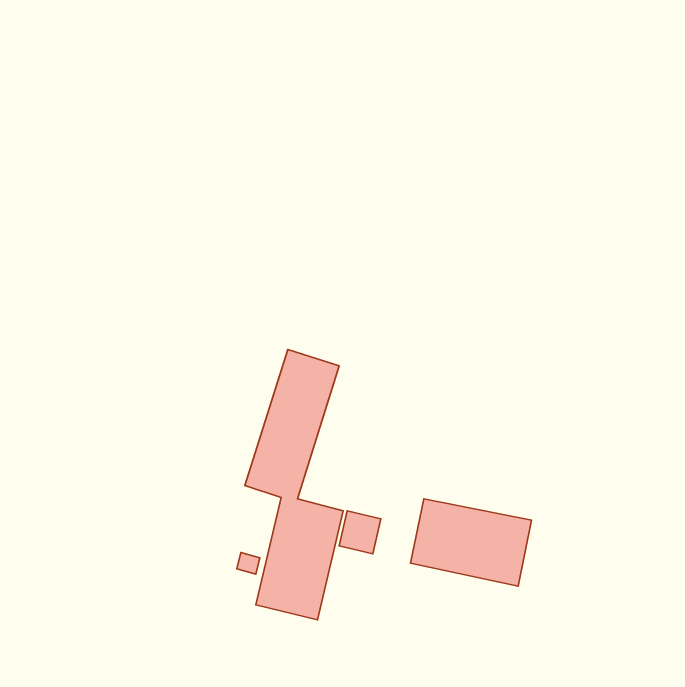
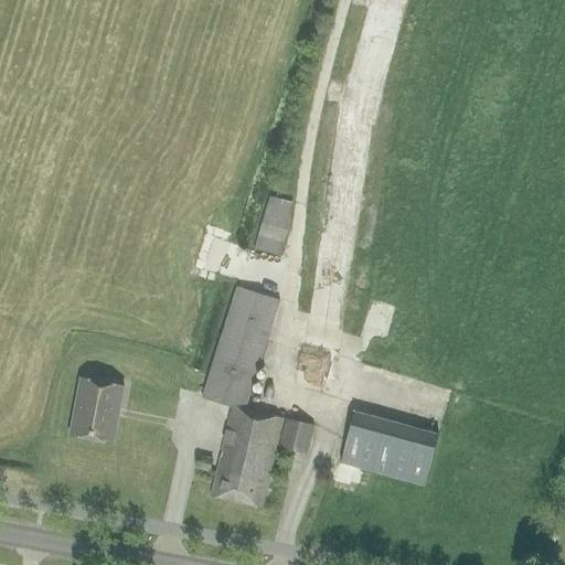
building: none -> [257,195,292,252]
building: none -> [68,379,122,444]

